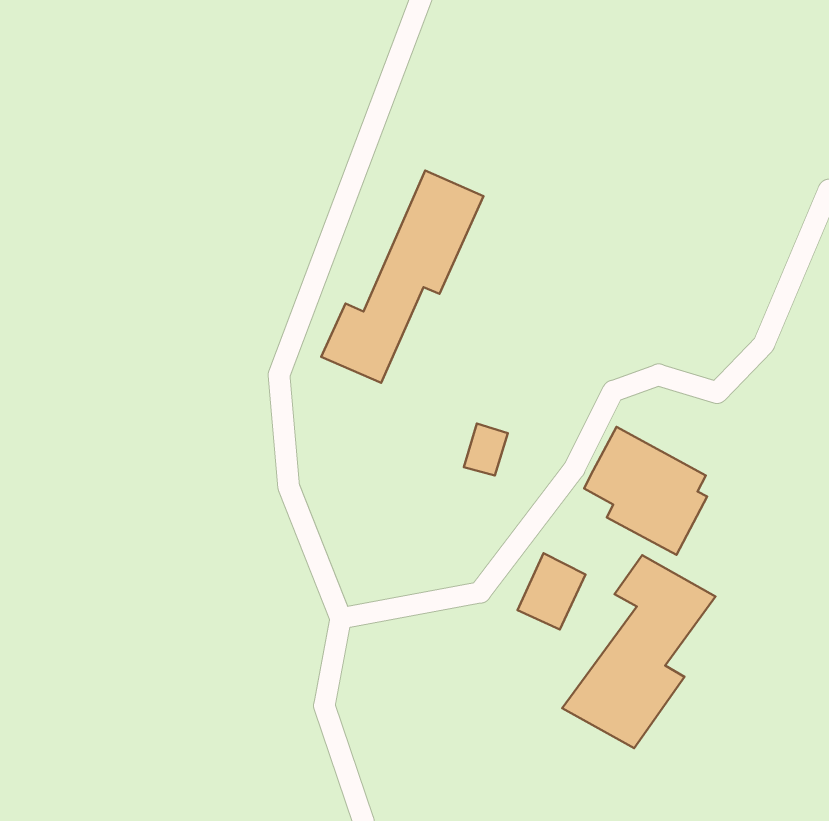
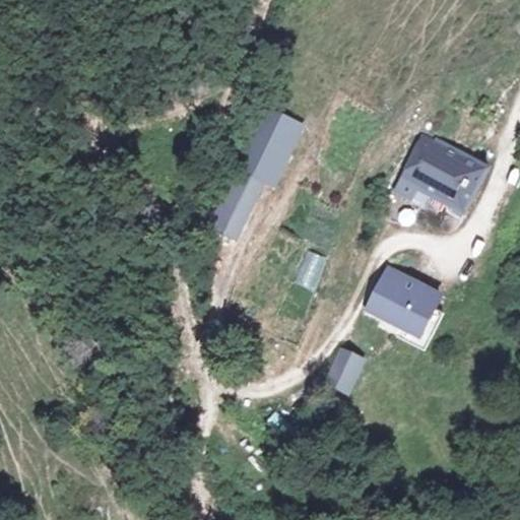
building: none -> [397,137,488,207]
building: [562,555,715,748] -> none

